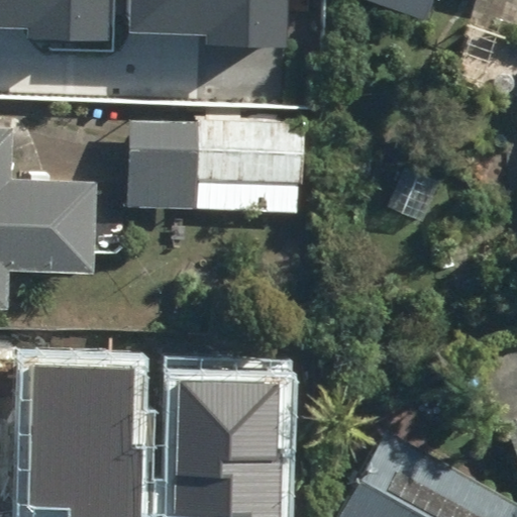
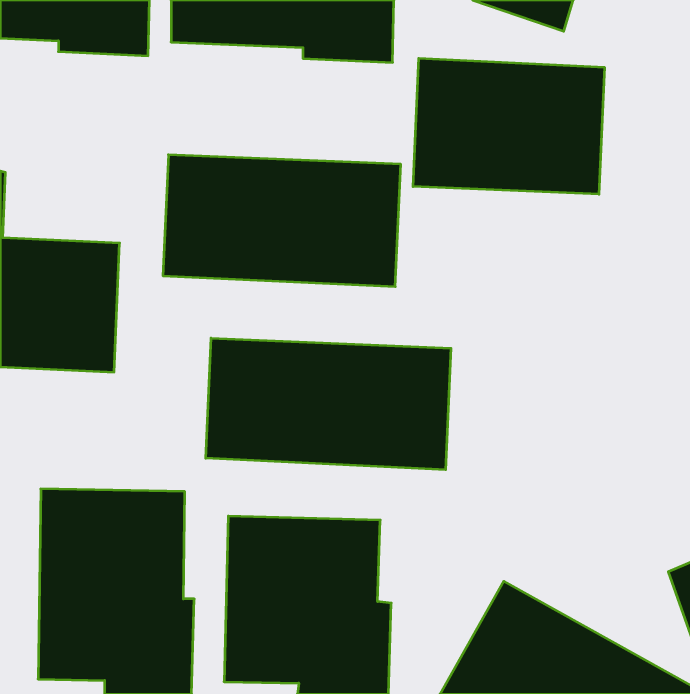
building: none -> [413,58,604,194]
building: none -> [206,338,451,470]

